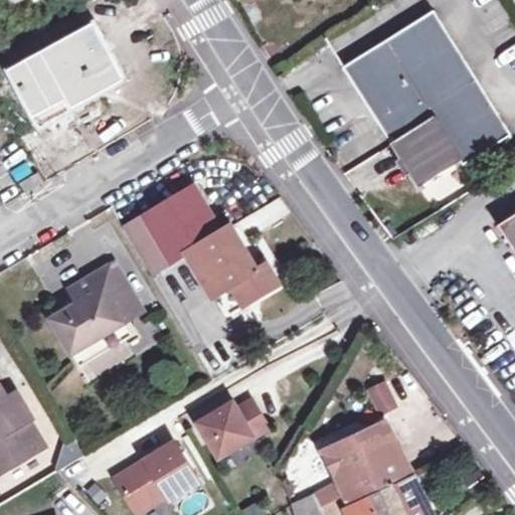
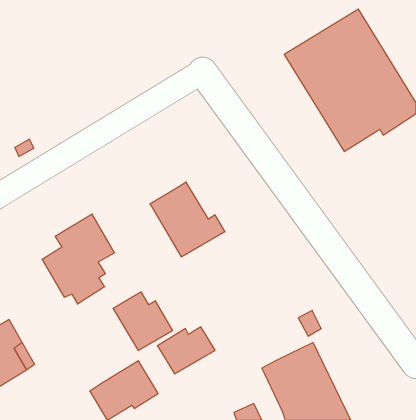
building: [10,26,118,120] -> none
building: [119,183,218,275] -> none
building: none -> [113,292,173,350]

